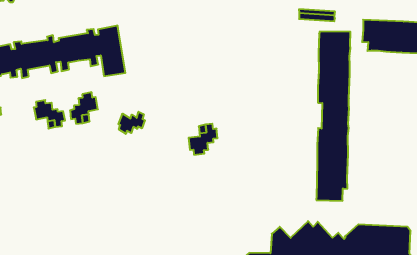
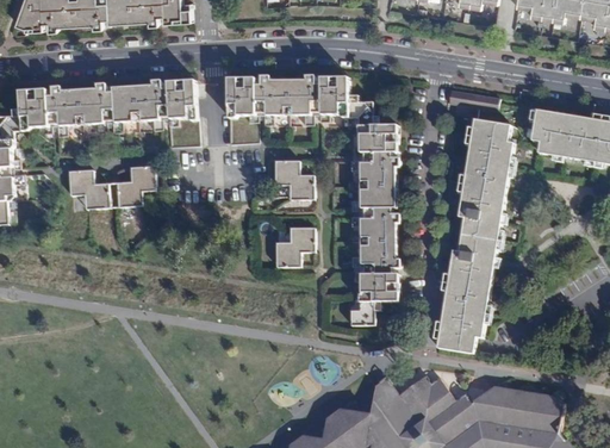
building: none -> [228,75,400,324]
building: none -> [274,161,313,199]
building: [118,112,145,134] -> none

